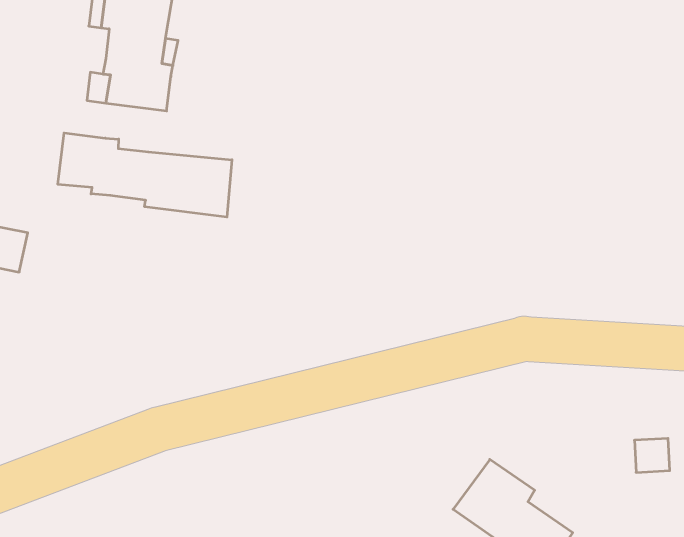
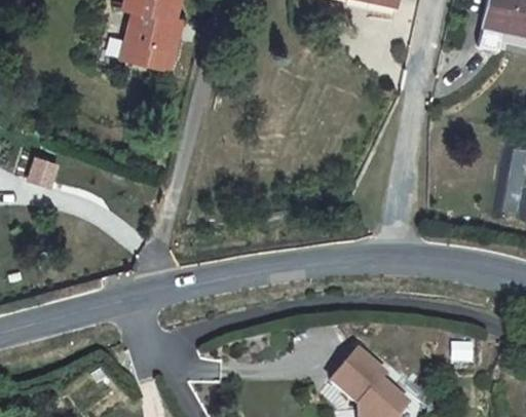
building: [58,133,232,217] -> none

